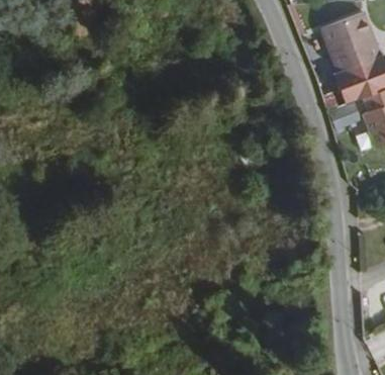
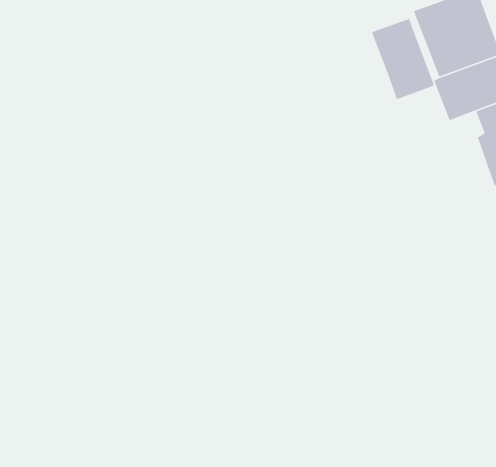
building: none -> [372,18,435,100]

